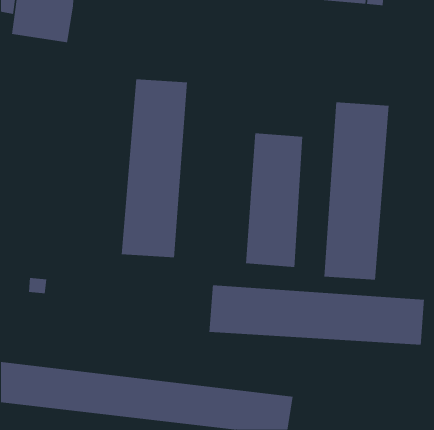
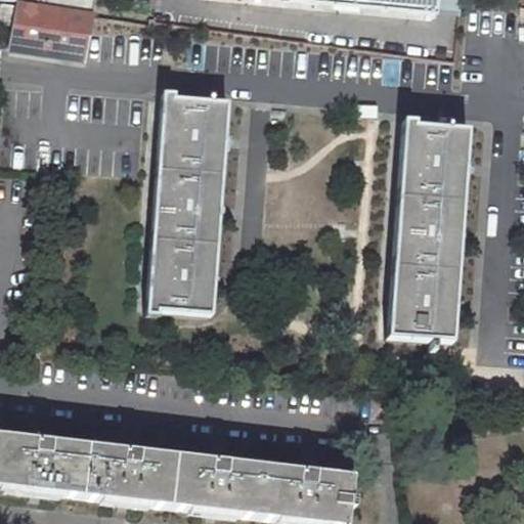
building: [245,133,303,268] -> none
building: [209,285,425,346] -> none

